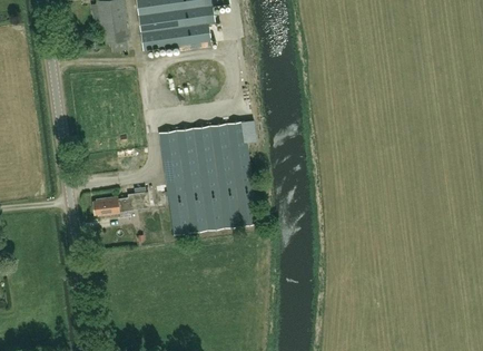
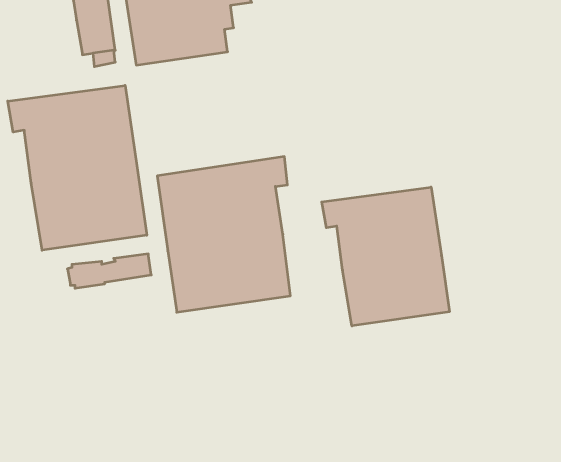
building: none -> [8,85,147,250]
building: none -> [322,187,449,326]

